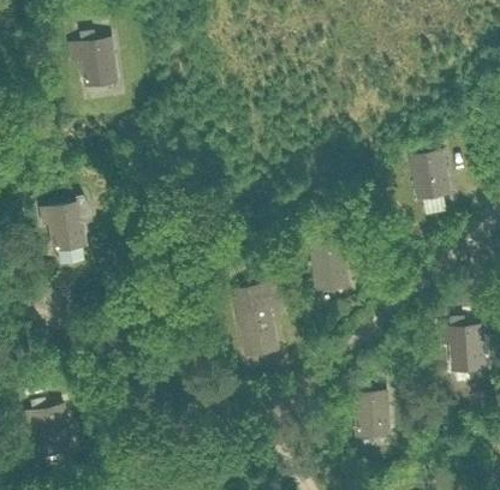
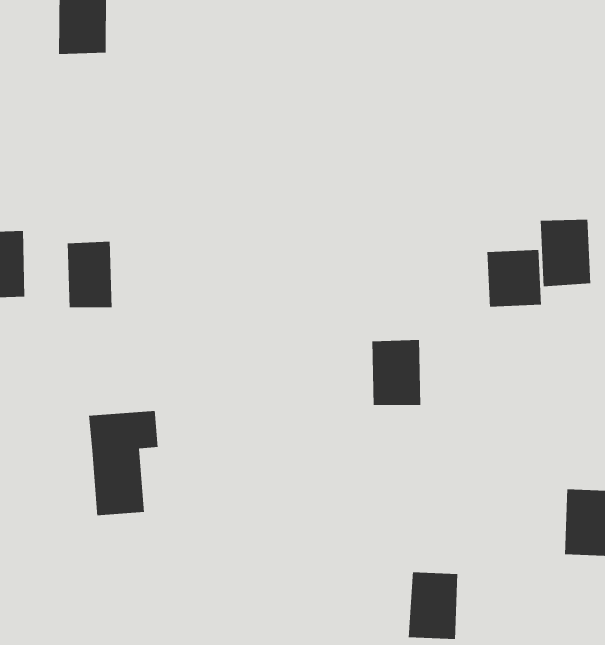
building: none -> [487,249,542,308]
building: none -> [67,241,113,308]
building: [233,281,281,354] -> [88,410,158,516]

